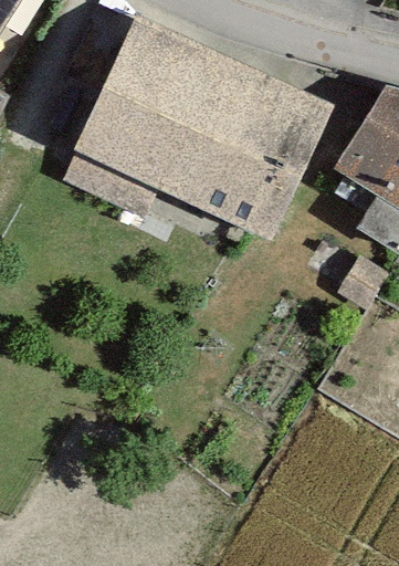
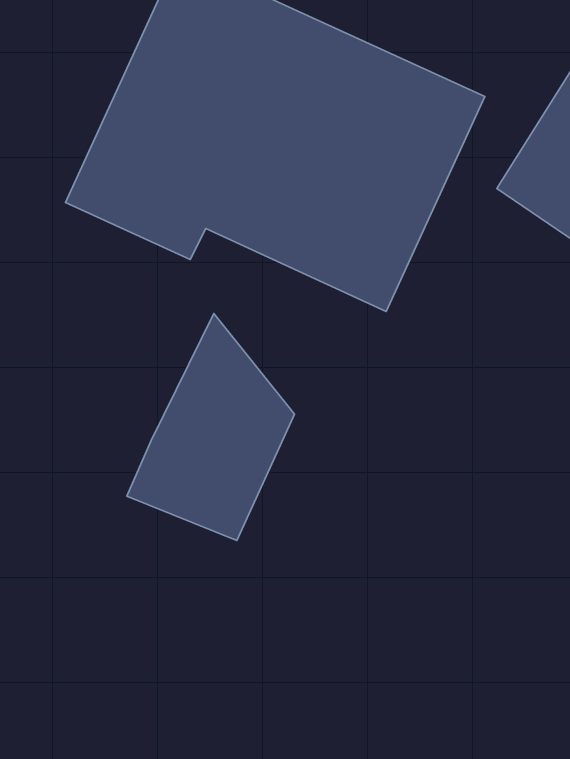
building: none -> [127,314,295,541]

